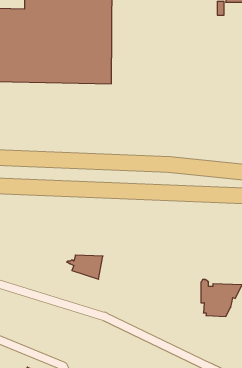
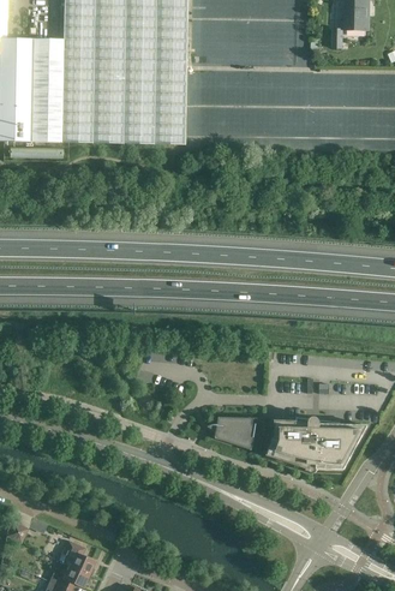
building: [67,255,103,279] -> [208,416,258,449]
building: none -> [268,419,315,468]

